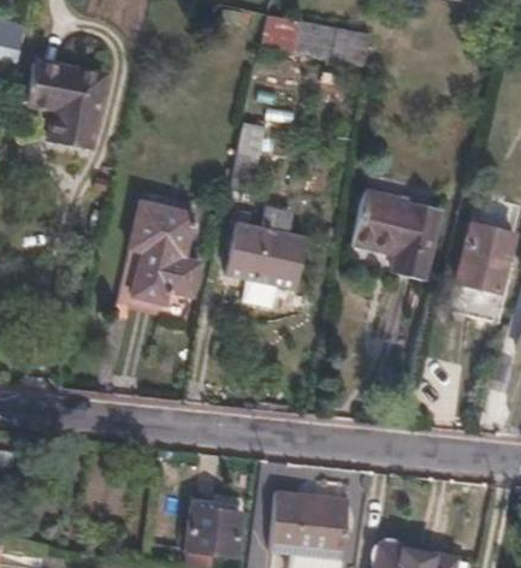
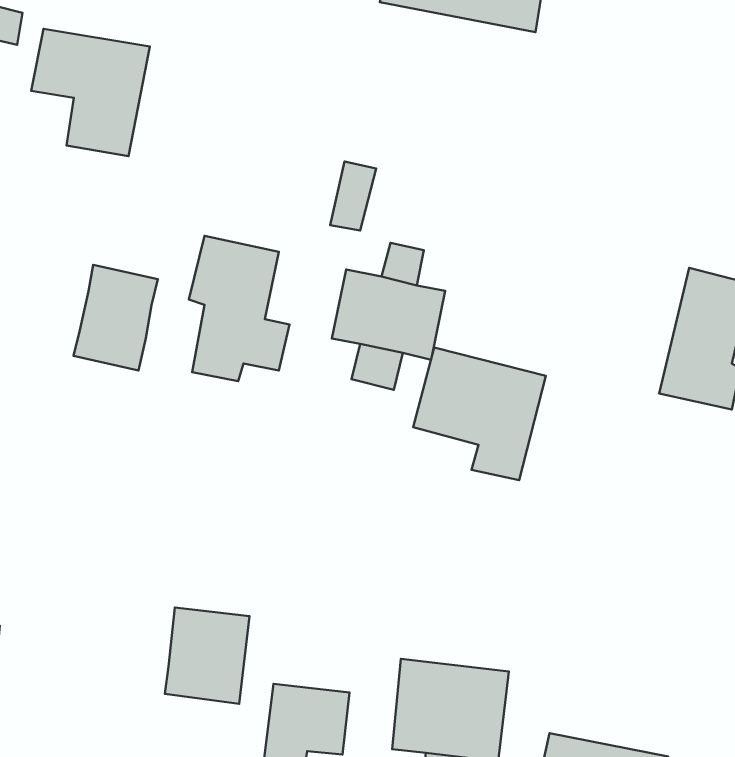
building: [351,190,442,280] -> [413,348,546,480]
building: none -> [74,265,158,370]
building: none -> [165,608,249,704]

